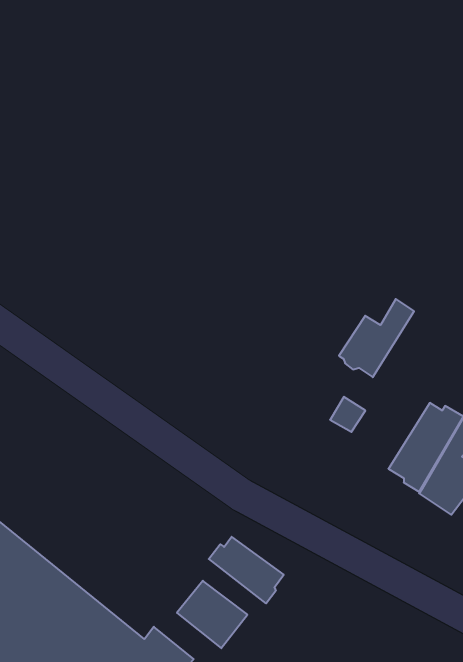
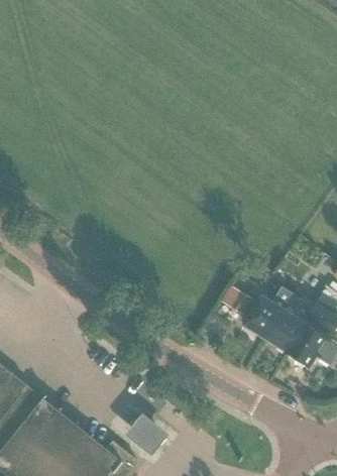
building: [339,299,414,377] -> [243,286,293,338]
building: [209,537,284,603] -> none

